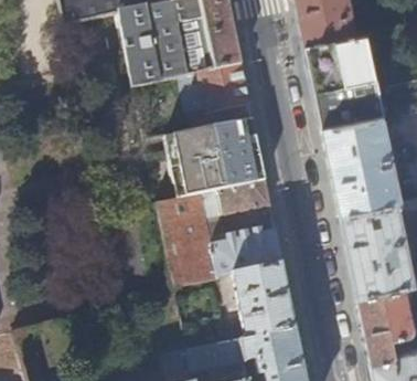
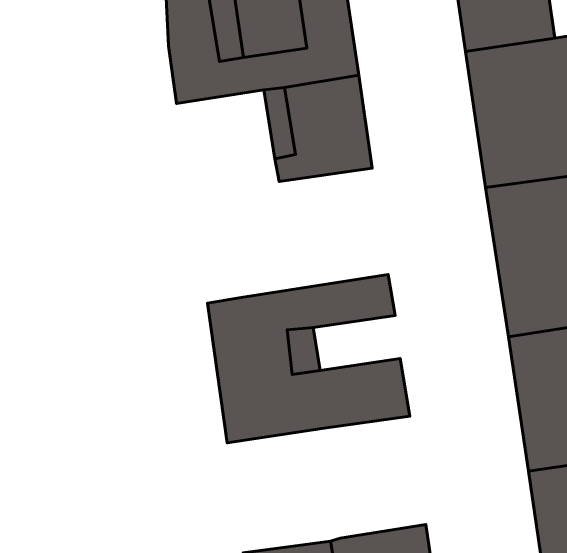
building: [175,130,265,198] -> none
building: [232,263,296,338] -> none

